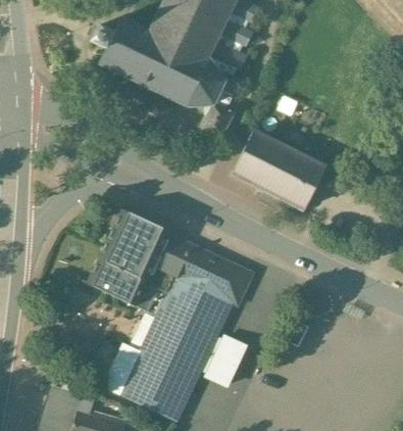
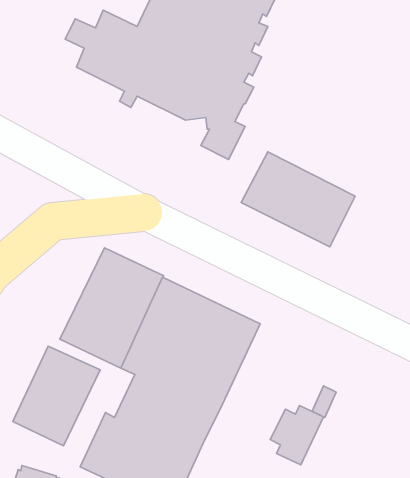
building: none -> [13,346,100,446]
building: [203,338,246,386] -> [270,405,323,465]

